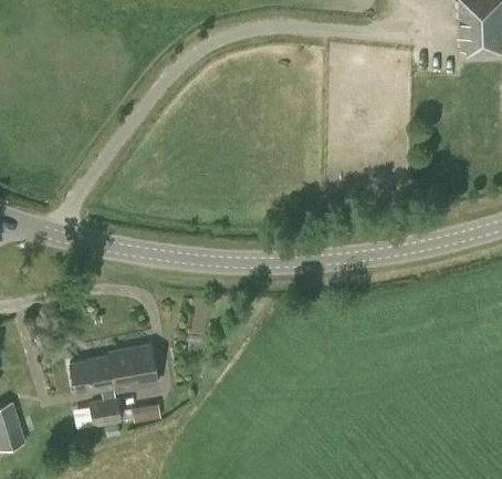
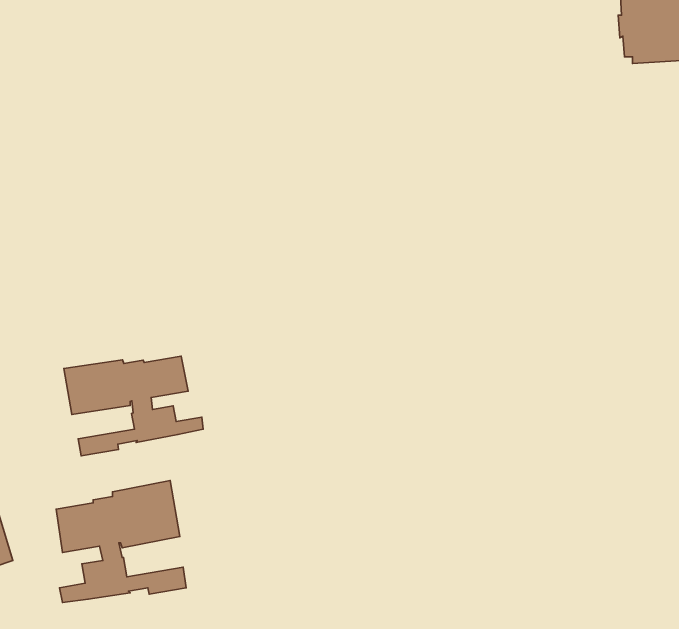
building: none -> [64,356,203,456]

